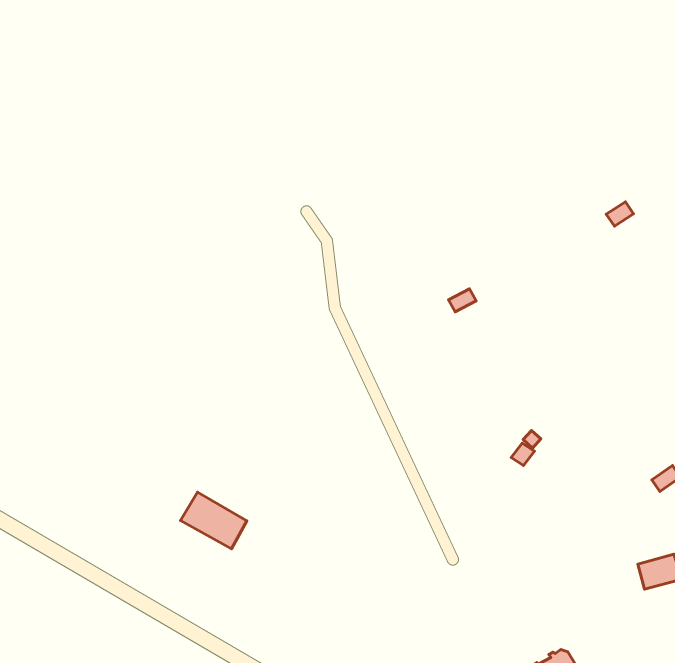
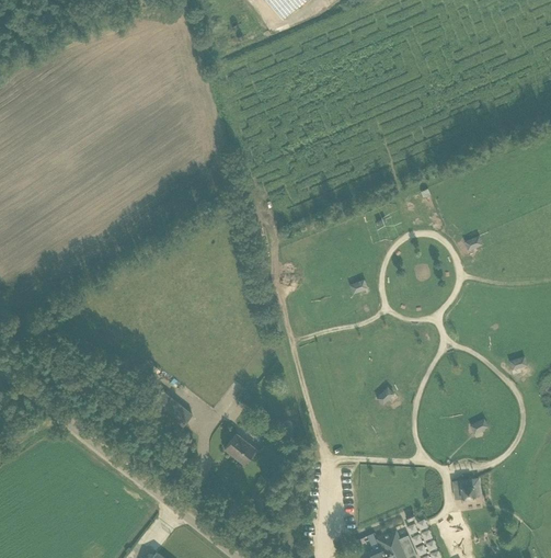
building: none -> [226,431,257,462]

